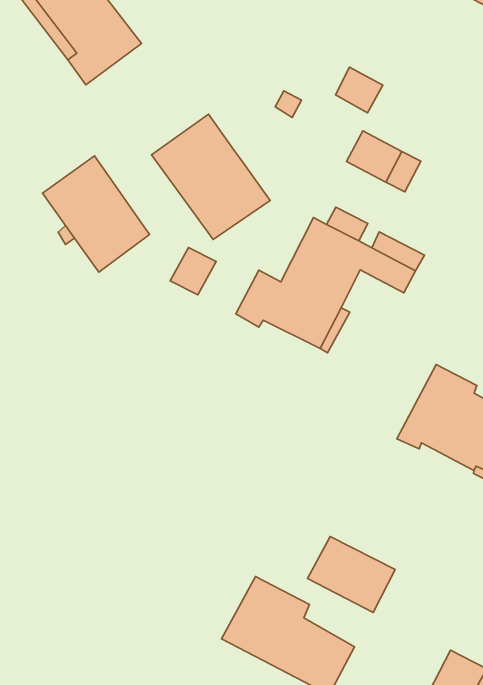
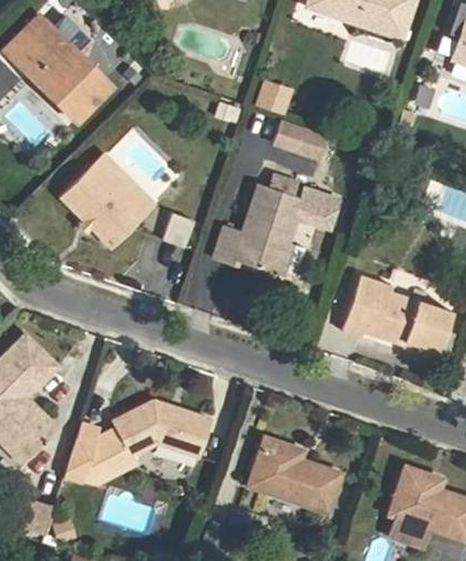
building: [151,114,270,239] -> none
building: none -> [87,404,205,476]
building: [308,537,395,612] -> none

